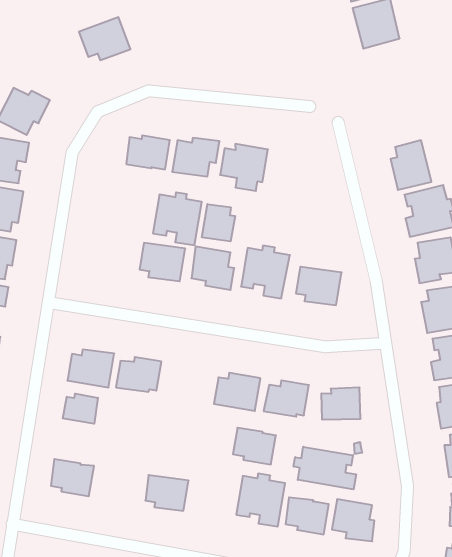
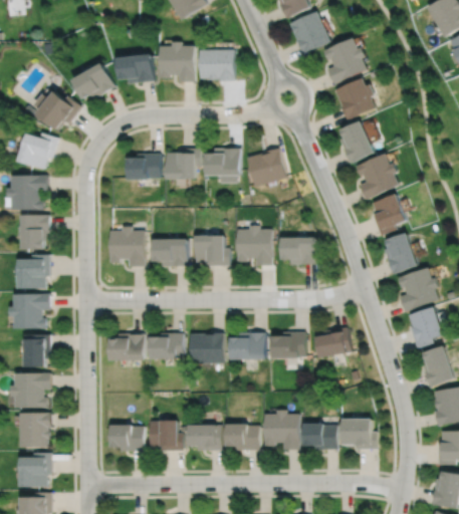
building: none -> [158,40,193,81]
building: none -> [116,52,153,83]
building: none -> [199,48,233,80]
building: none -> [323,36,368,83]
building: none -> [32,89,80,130]
building: none -> [334,77,376,119]
building: none -> [246,148,285,186]
building: [153,192,202,245] -> [107,227,143,267]
building: [202,204,235,241] -> none
building: none -> [189,333,222,364]
building: [63,394,98,424] -> none
building: [233,428,276,464] -> [226,426,258,451]
building: [294,447,356,489] -> none
building: none -> [149,422,181,452]

